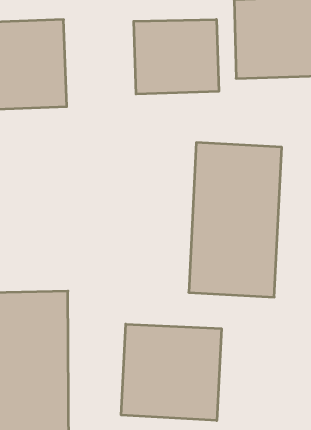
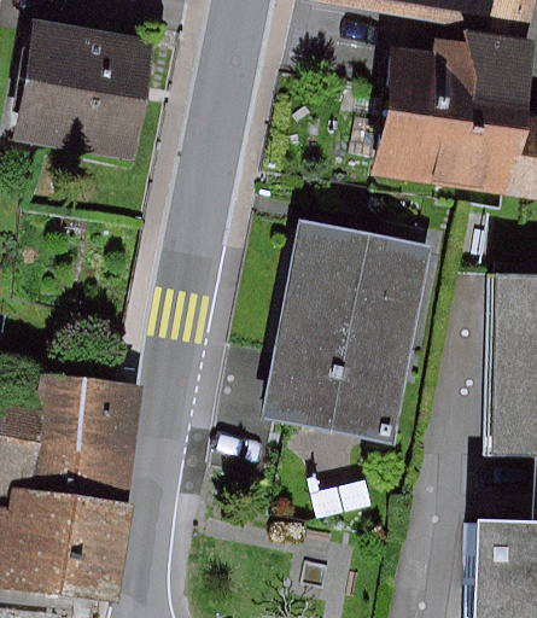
building: [134,19,219,94] -> none
building: [121,324,221,421] -> none

